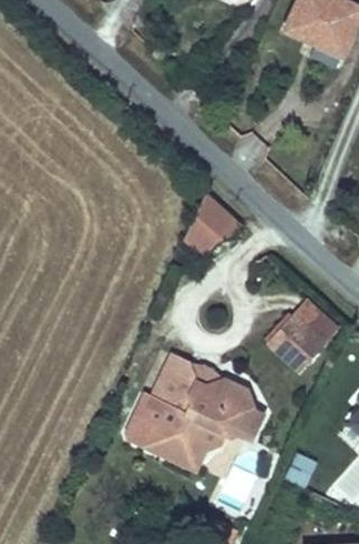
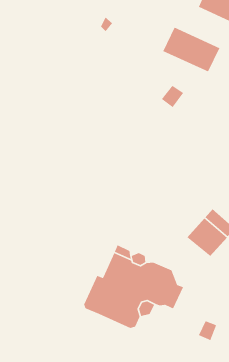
building: none -> [162,27,221,73]
building: [178,194,238,256] -> none

